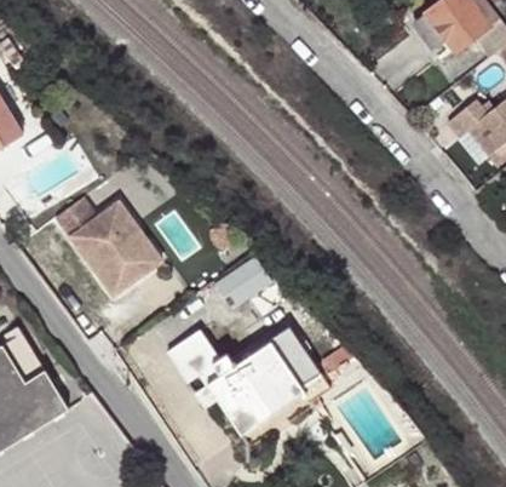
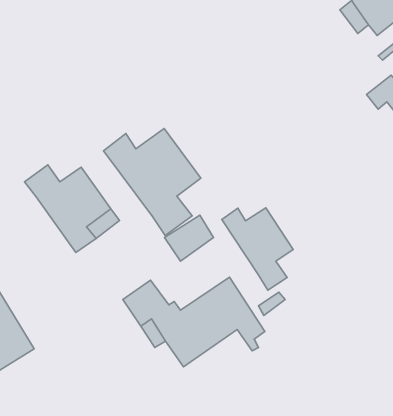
building: none -> [104,129,201,235]
building: none -> [222,208,293,290]

